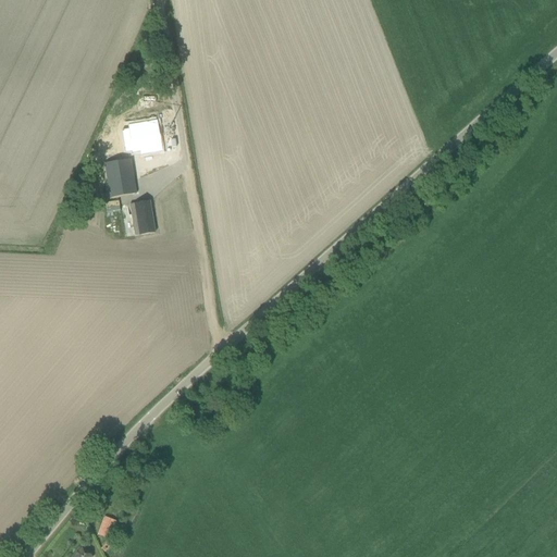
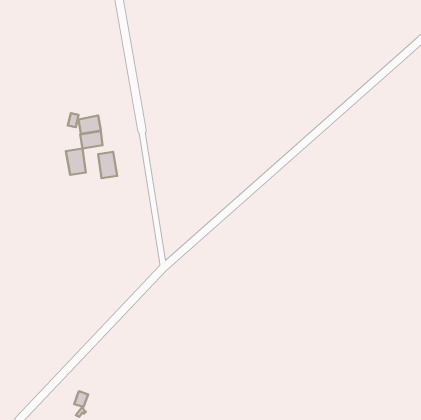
building: [131,120,162,152] -> none
building: none -> [66,149,86,175]

